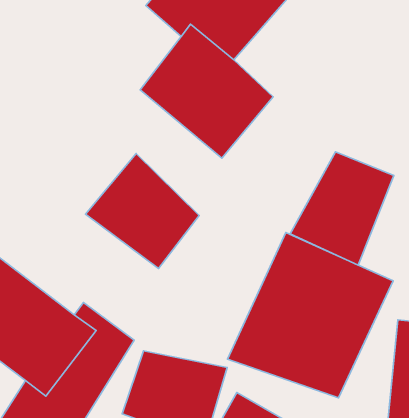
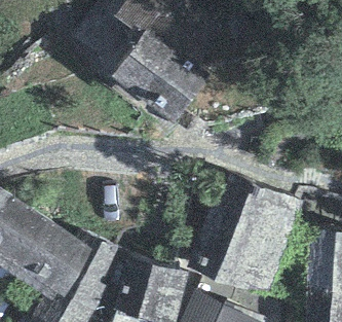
building: [290,152,394,265] -> none
building: [85,154,199,269] -> none

